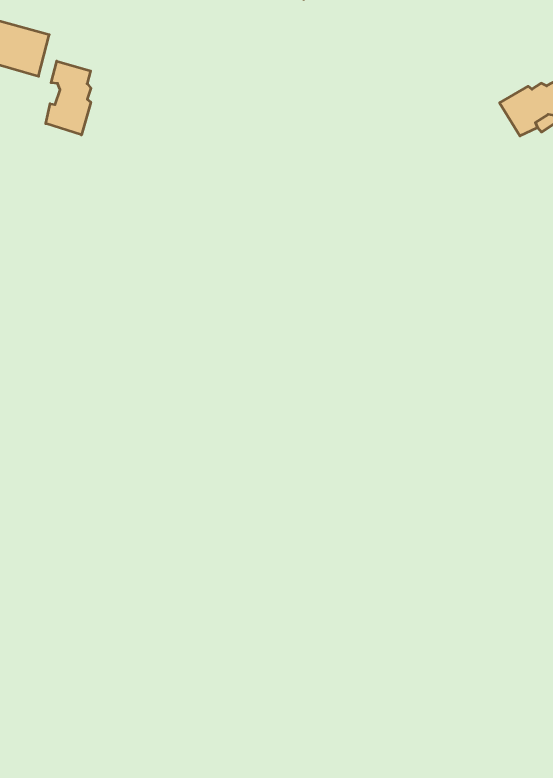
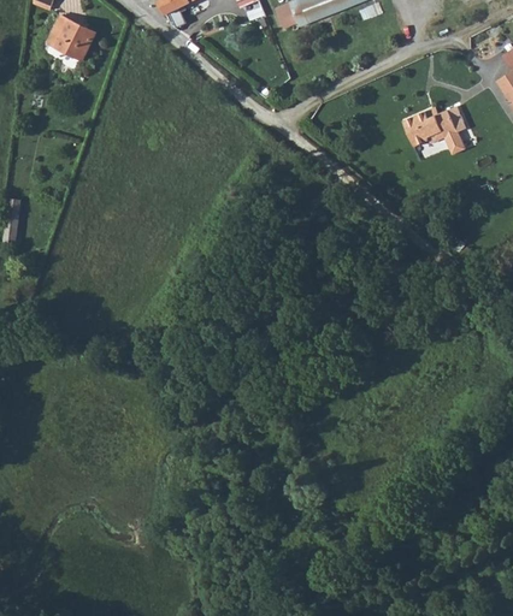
building: [46,61,91,135] -> none

